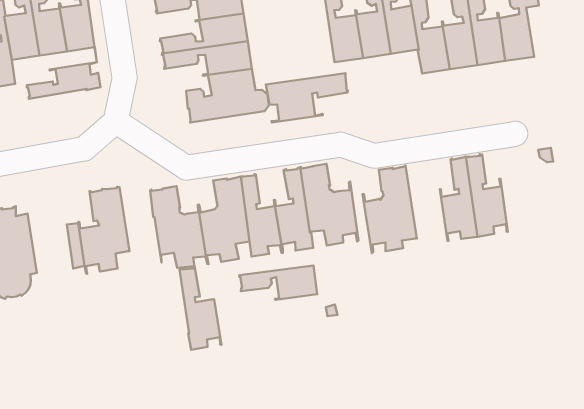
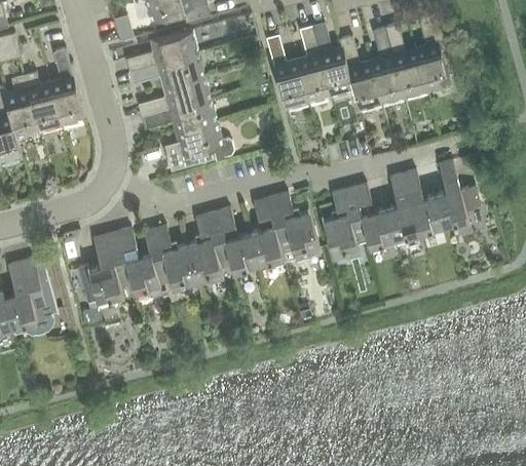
building: [27,62,101,99] -> none
building: [266,73,348,123] -> none
building: none -> [433,159,480,231]
building: none -> [352,183,394,251]
building: [239,265,317,300] -> none
building: [179,266,221,350] -> [117,227,159,297]

